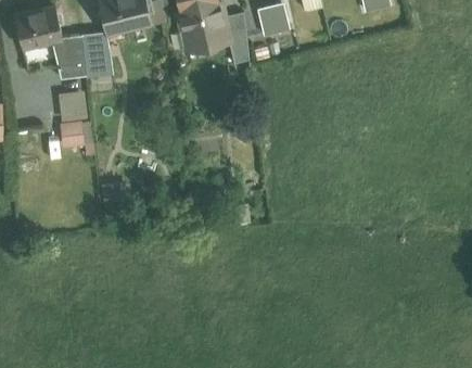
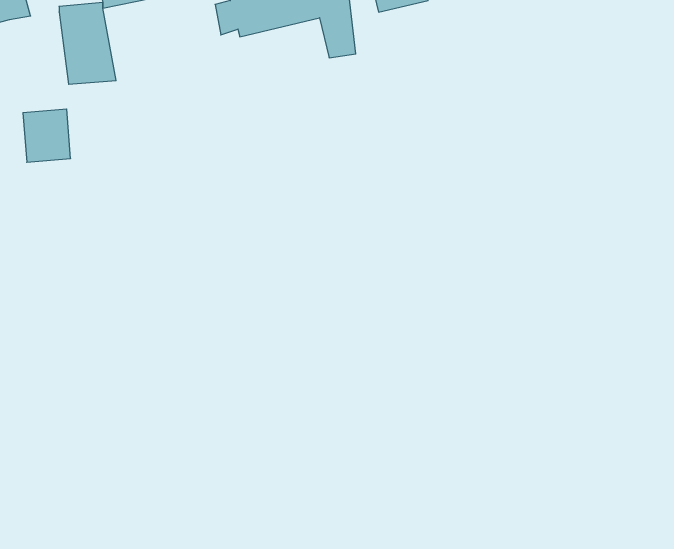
building: [51,36,85,79] -> none
building: [61,124,92,158] -> none

